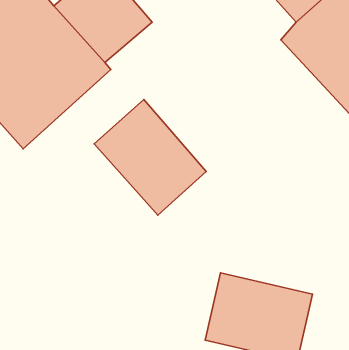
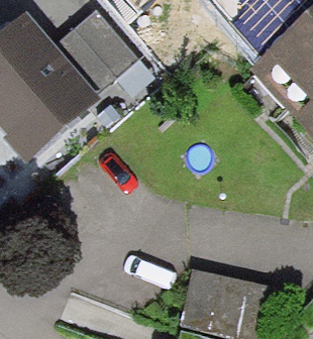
building: [94,99,206,215] -> none

